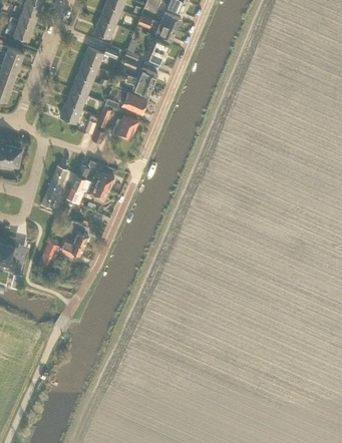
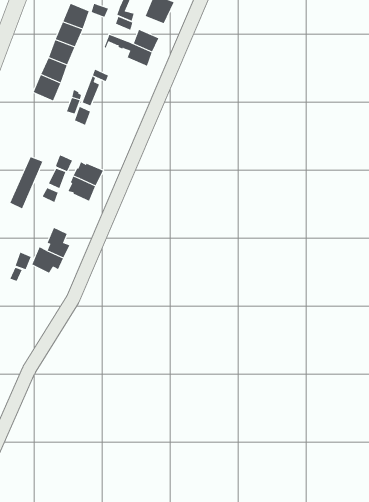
building: [110,87,146,113] -> none
building: [112,115,137,139] -> none

